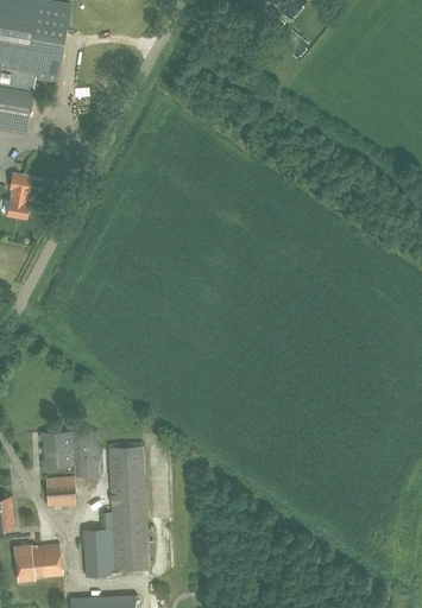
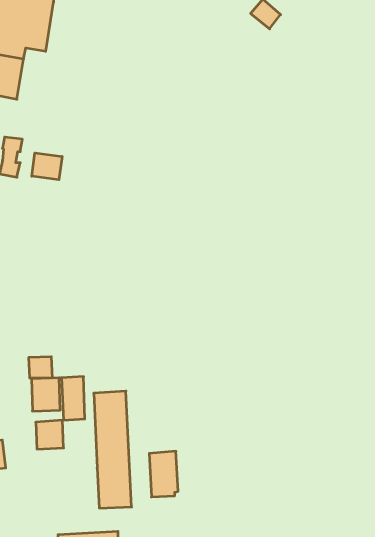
building: none -> [32,153,62,180]
building: none -> [29,357,52,378]
building: [83,526,114,575] -> [149,451,178,497]
building: [15,544,63,581] -> none

